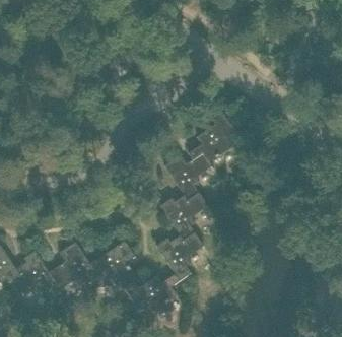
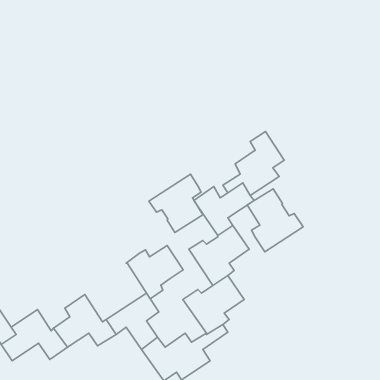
building: none -> [149,174,203,232]
building: none -> [247,189,303,252]
building: none -> [126,246,183,299]

